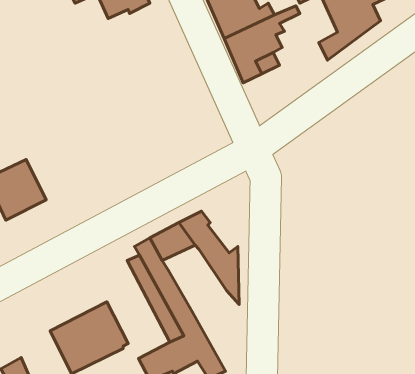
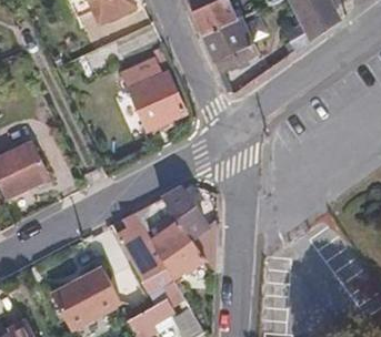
building: none -> [127,72,183,129]
building: none -> [153,222,204,277]

